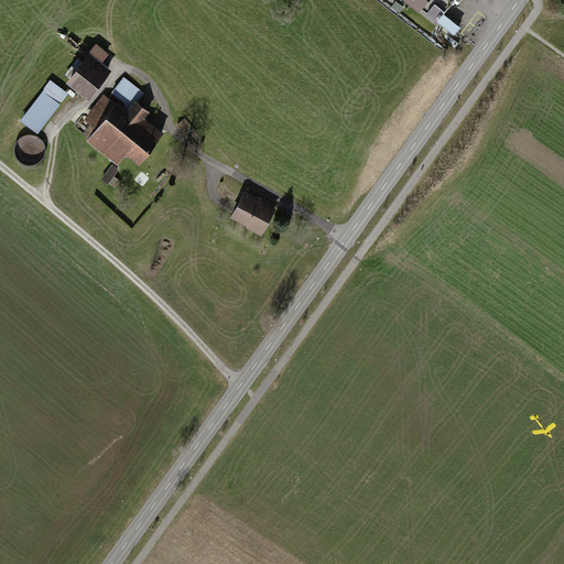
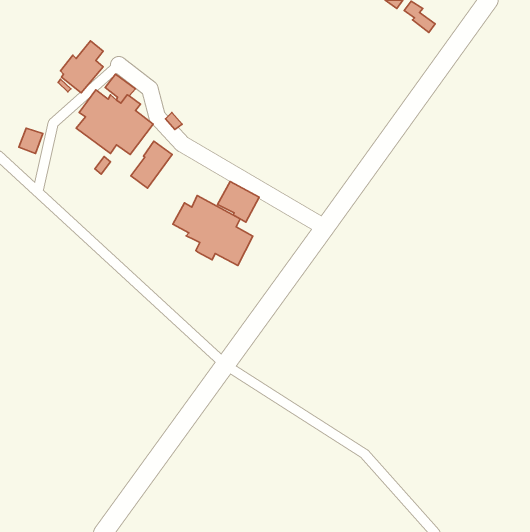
building: [19,82,66,135] -> none
building: none -> [131,141,172,188]
building: none -> [173,196,253,265]

